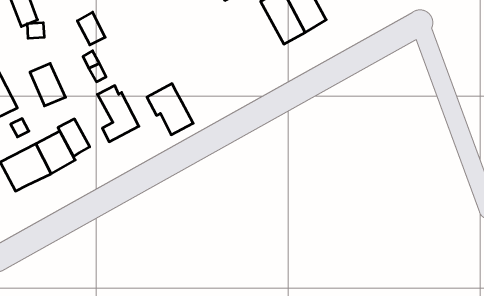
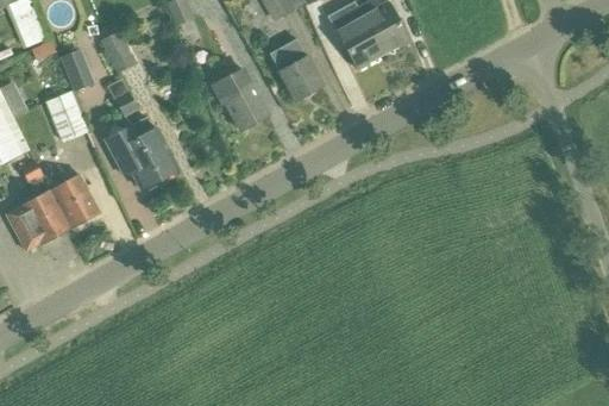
building: none -> [269,37,321,99]
building: none -> [62,48,94,88]
building: [147,84,193,135] -> [209,64,266,127]
building: [58,119,90,157] -> [106,130,145,176]

